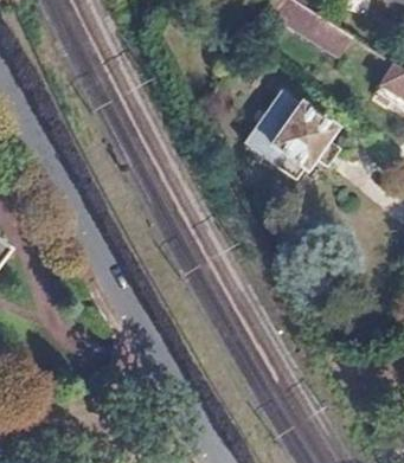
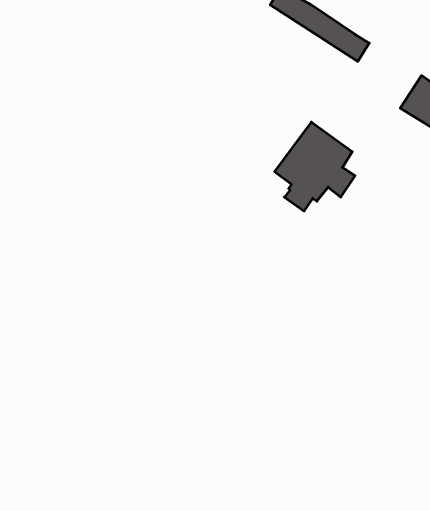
building: [251,90,302,166] -> none

